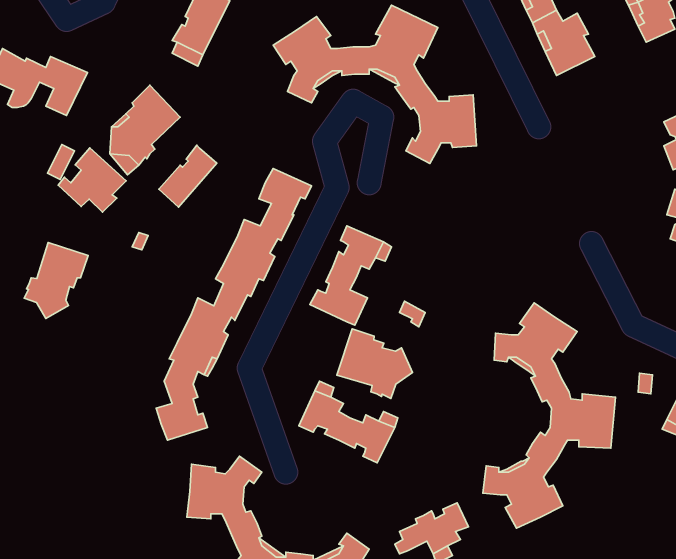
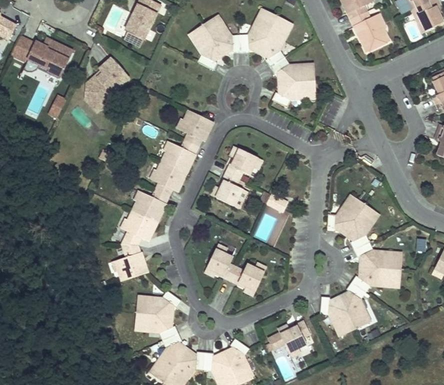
building: [159,145,217,207] -> none
building: [58,148,126,212] -> none
building: [24,243,88,318] -> none
building: [337,329,412,398] -> none

